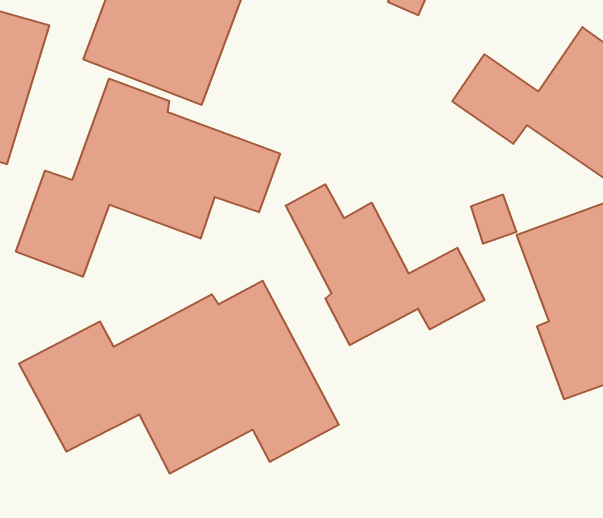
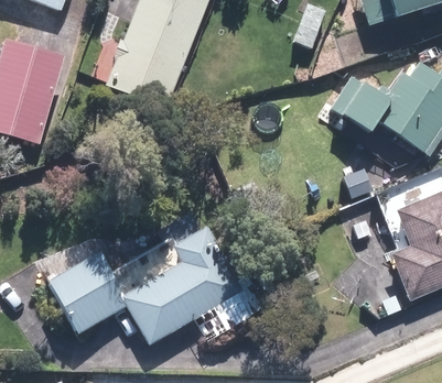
building: [16,79,280,277] -> none
building: [286,184,485,345] -> none

